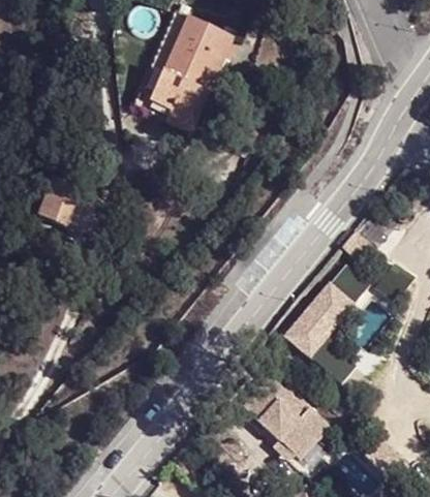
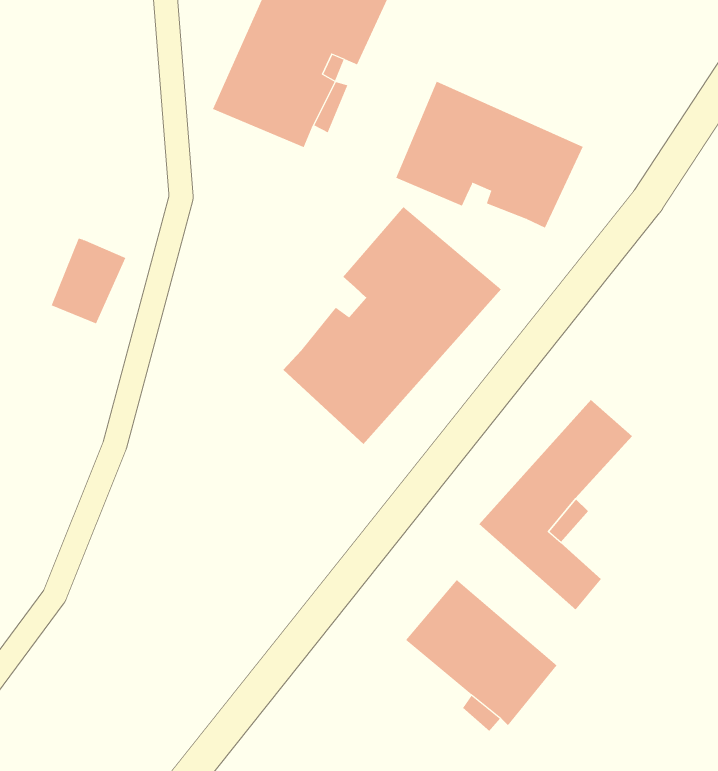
building: none -> [396,81,584,228]
building: none -> [283,206,502,445]

